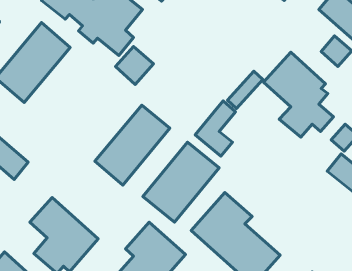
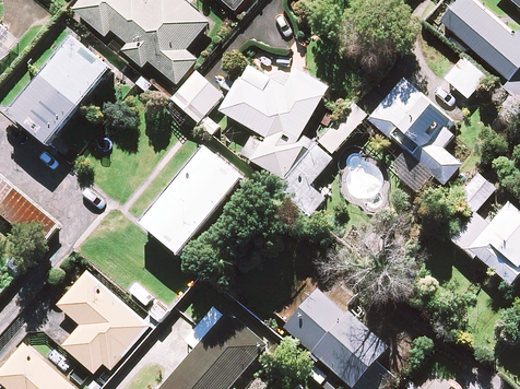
building: none -> [220,58,327,178]
building: [143,142,219,222] -> none

